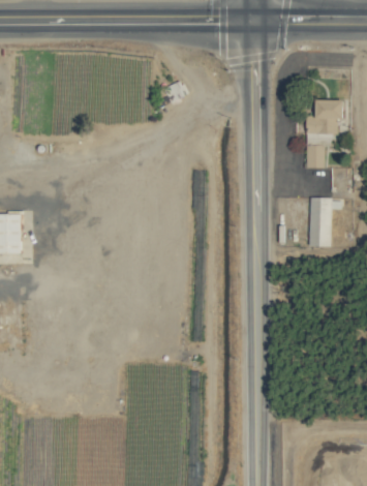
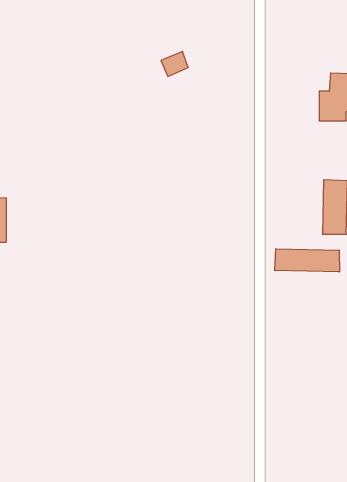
building: [305,145,324,169] -> none
building: none -> [275,249,339,272]

